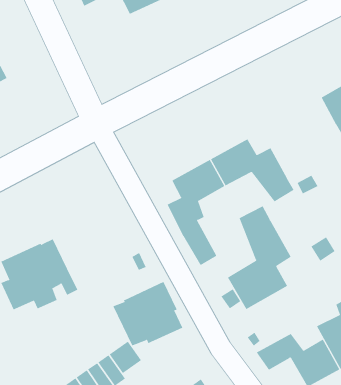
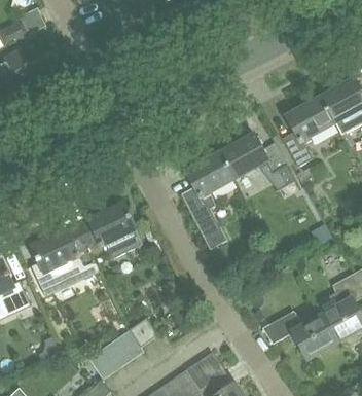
building: none -> [281,97,333,166]
building: [227,206,291,310] -> none
building: [112,281,183,346] -> [78,202,142,260]

